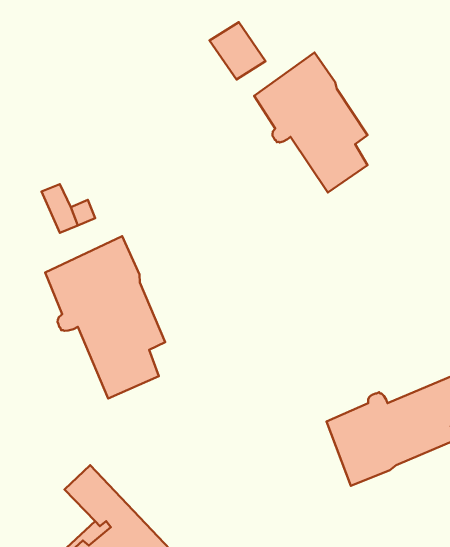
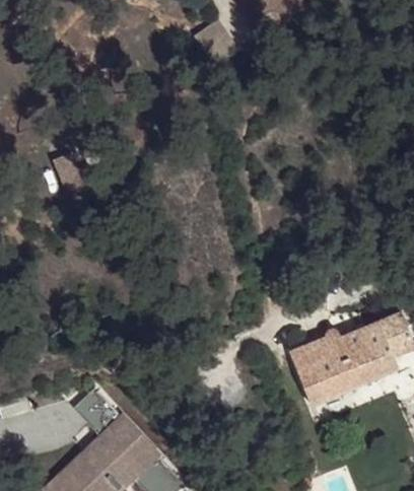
building: [254,52,368,192] -> none
building: [45,236,165,399] -> none

